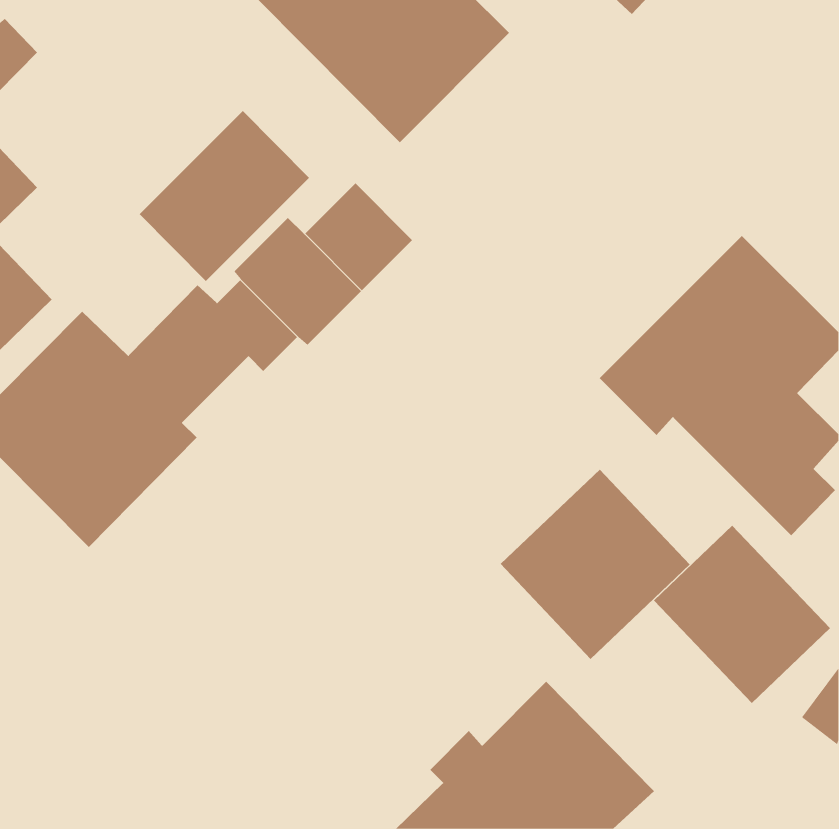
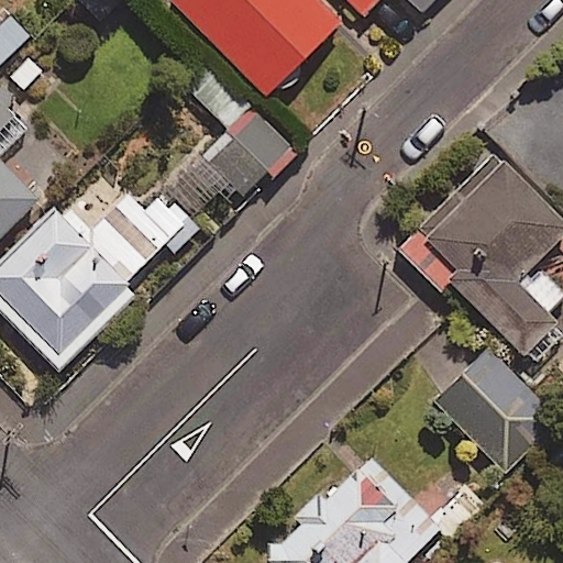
building: [139,110,310,282] -> none
building: [500,469,691,660] -> none

